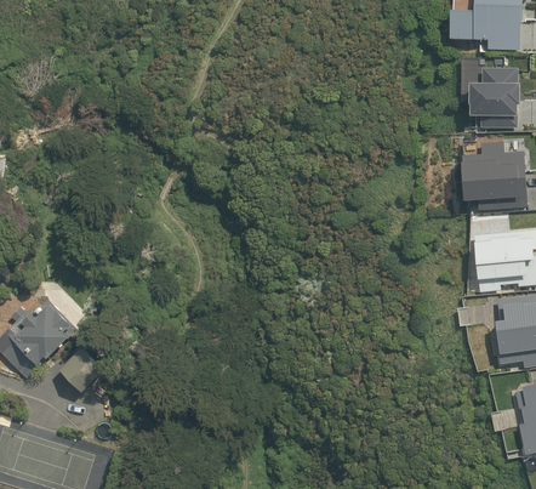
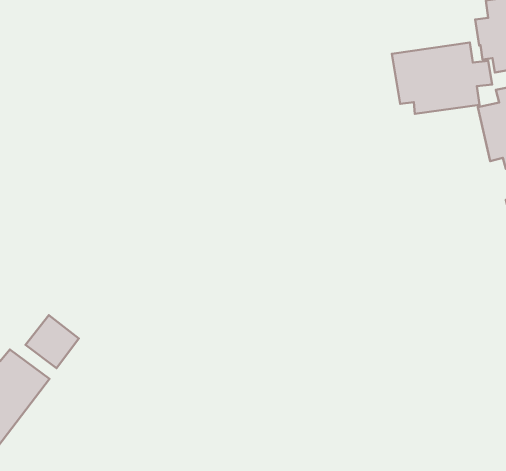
building: none -> [392,43,492,114]
building: [57,346,102,391] -> [25,315,79,368]

